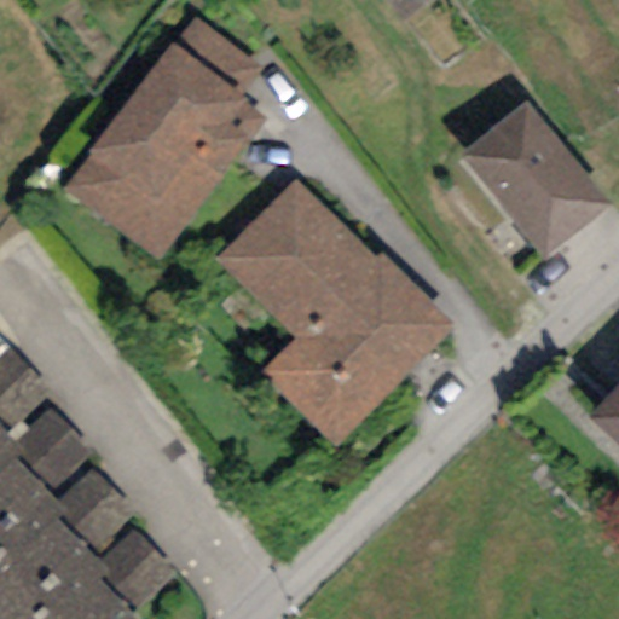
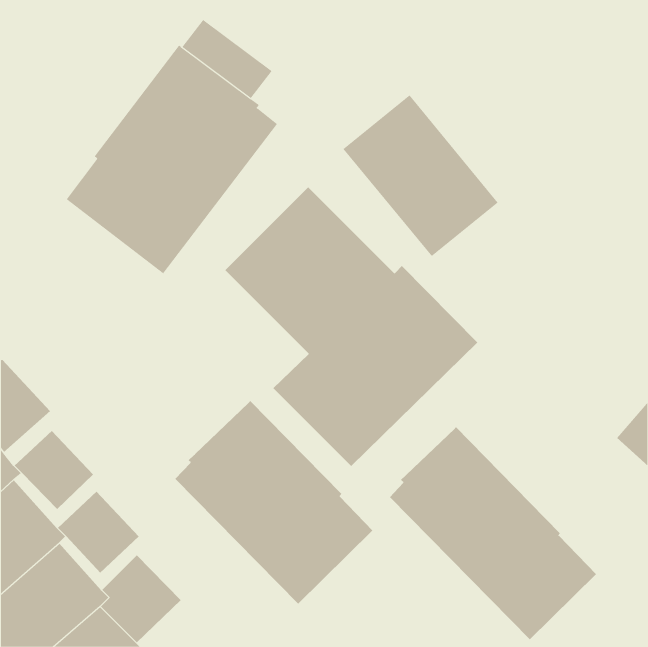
building: [459,102,608,256] -> [343,95,499,257]
building: none -> [175,400,373,605]
building: none -> [389,426,597,640]

